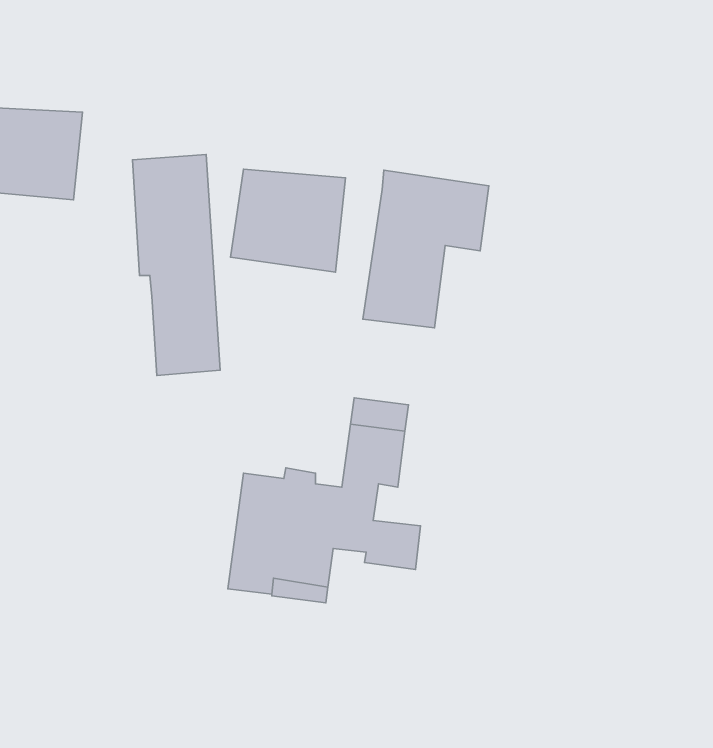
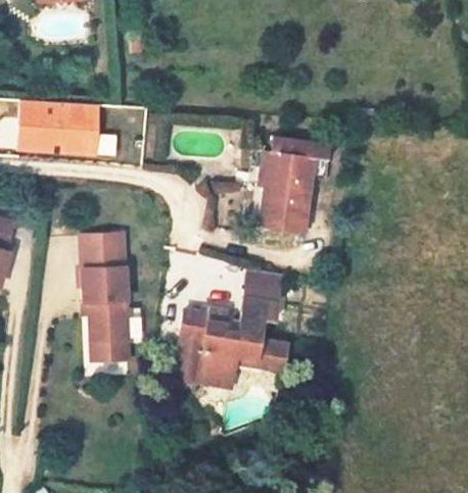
building: [132,155,220,375] -> [80,233,131,361]
building: [230,169,346,272] -> none

